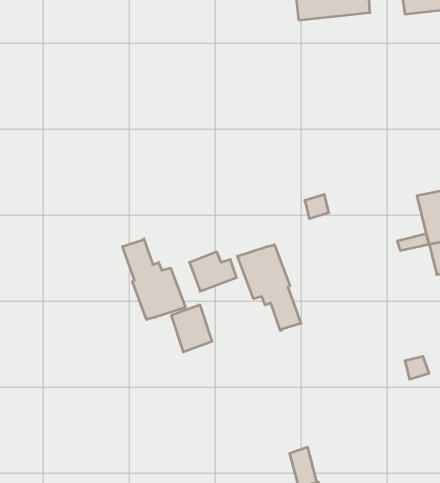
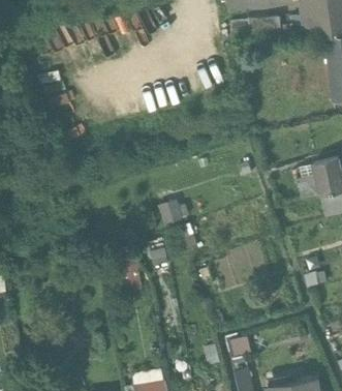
building: [123,239,185,320] -> none
building: [237,245,301,331] -> none

